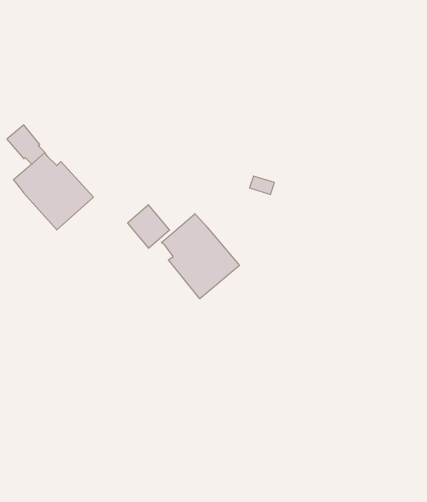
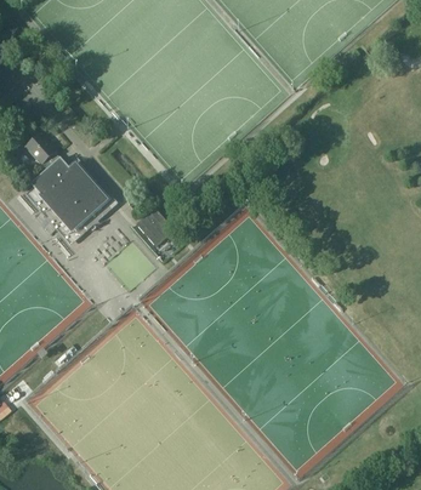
building: [161,214,239,299] -> none

